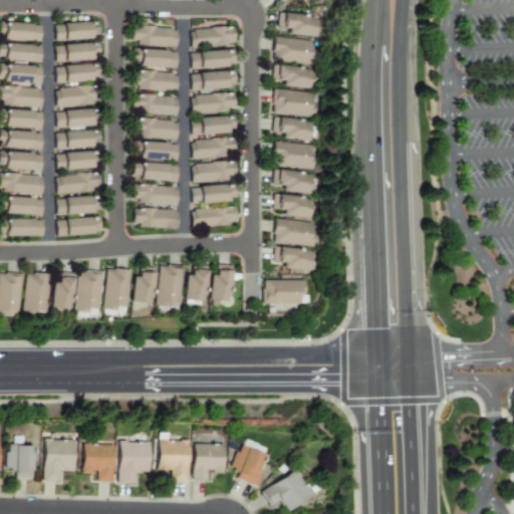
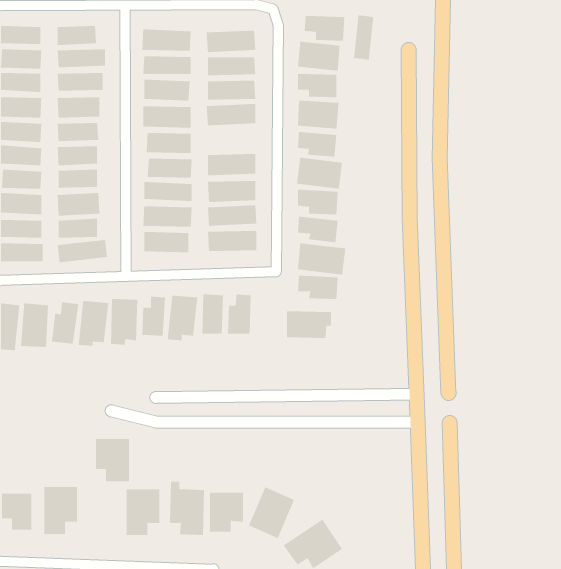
building: none -> [353,15,374,60]
building: [194,116,238,135] -> none
building: [85,443,116,482] -> [95,438,130,482]

